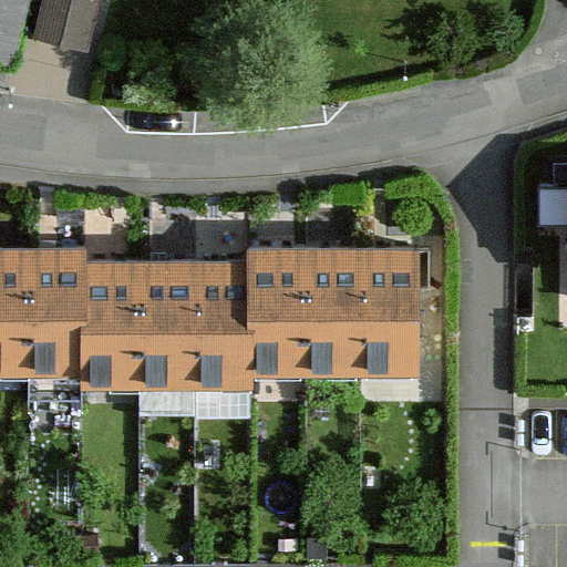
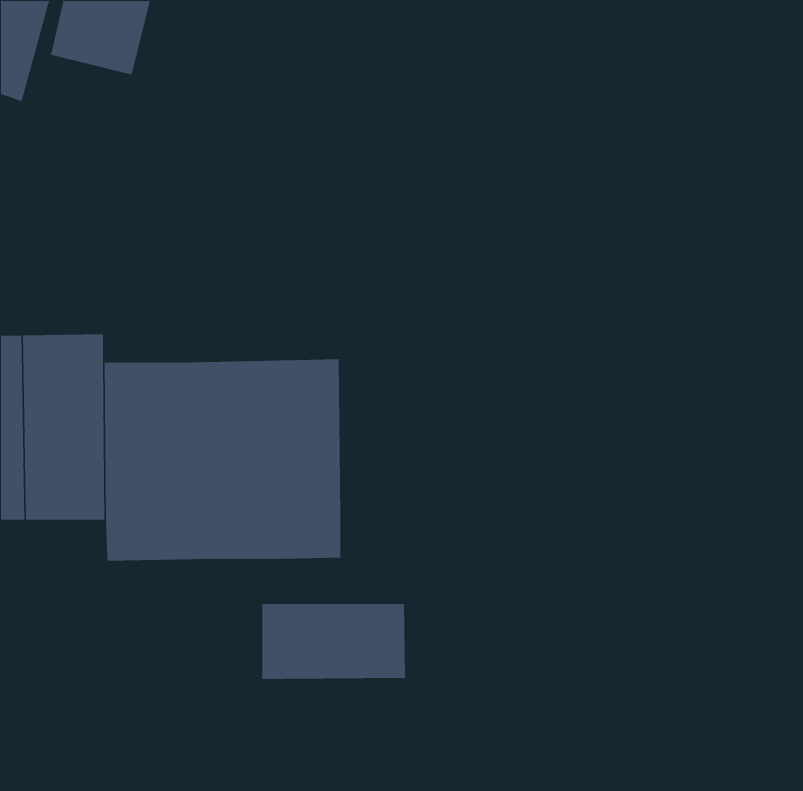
building: [239,246,410,372] -> none
building: none -> [262,603,406,680]

